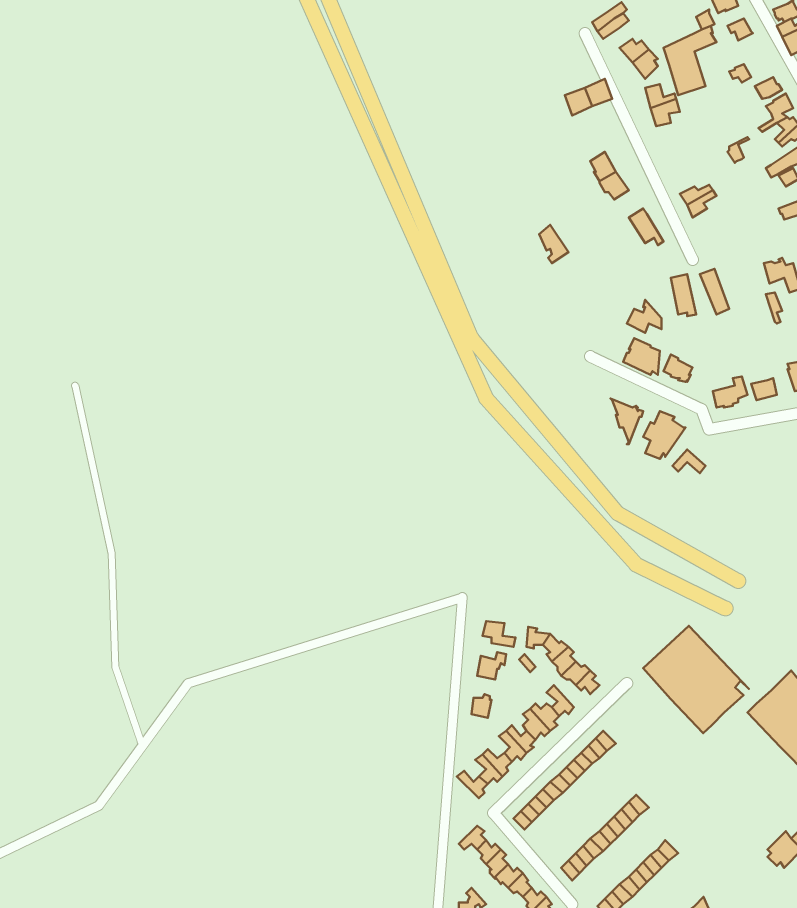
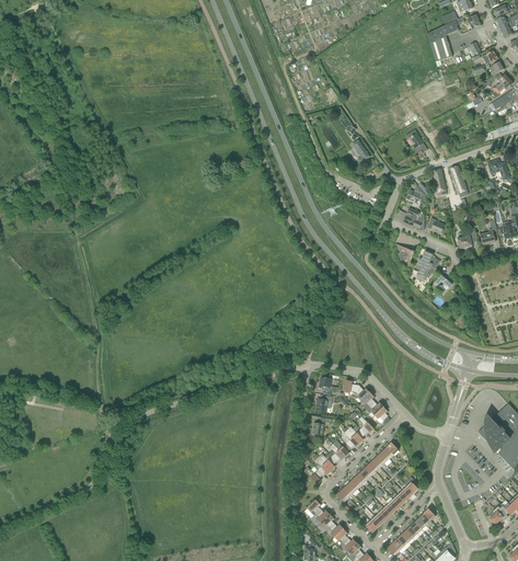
building: [643,626,749,733] -> none

